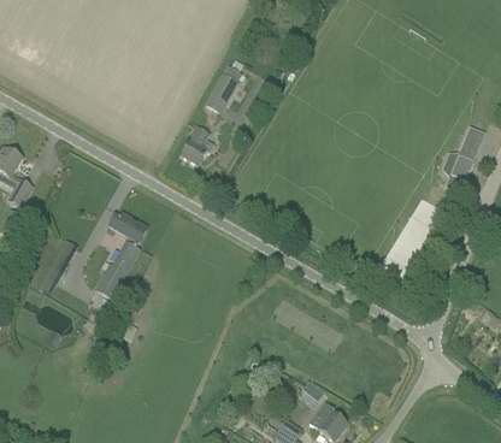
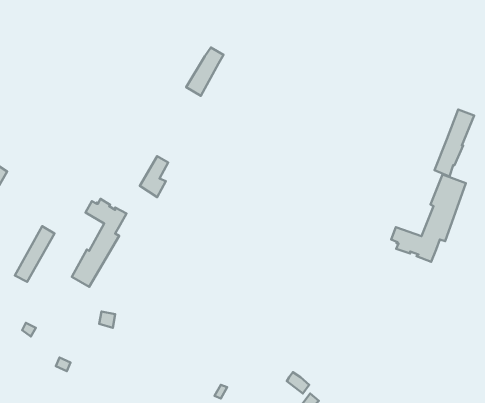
building: [181,125,208,165] -> [140,156,168,197]
building: none -> [391,174,466,262]

